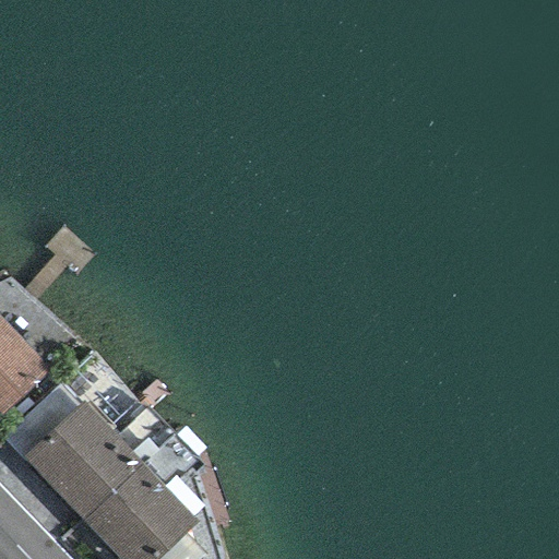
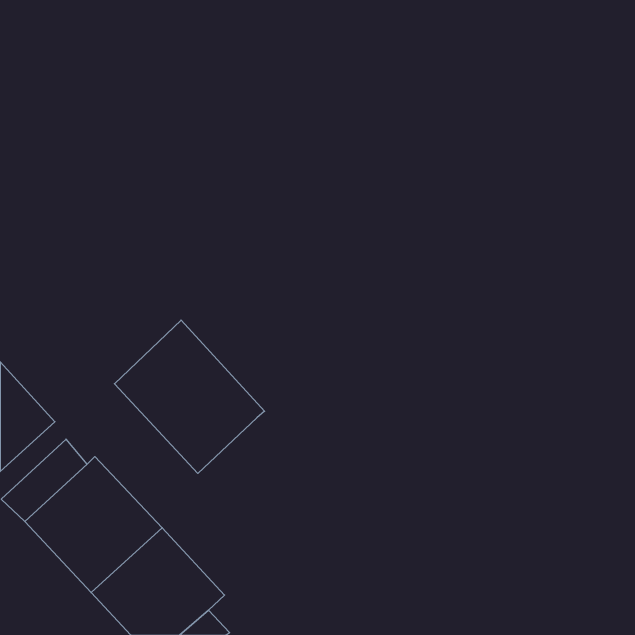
building: none -> [114,320,265,473]

